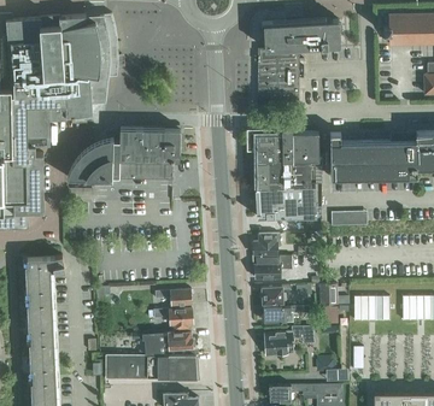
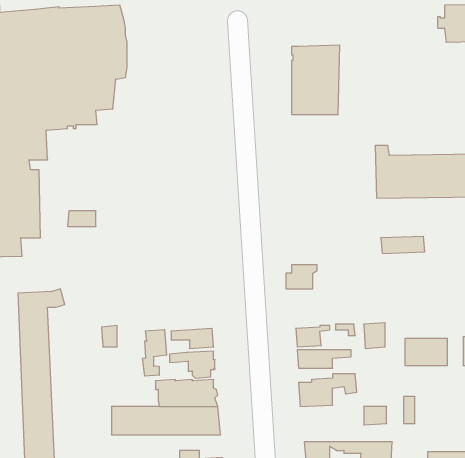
building: [263,18,340,49] -> none
building: [68,128,180,181] -> none
building: [246,128,318,218] -> none
building: [253,257,292,280] -> none
building: none -> [142,329,167,376]

